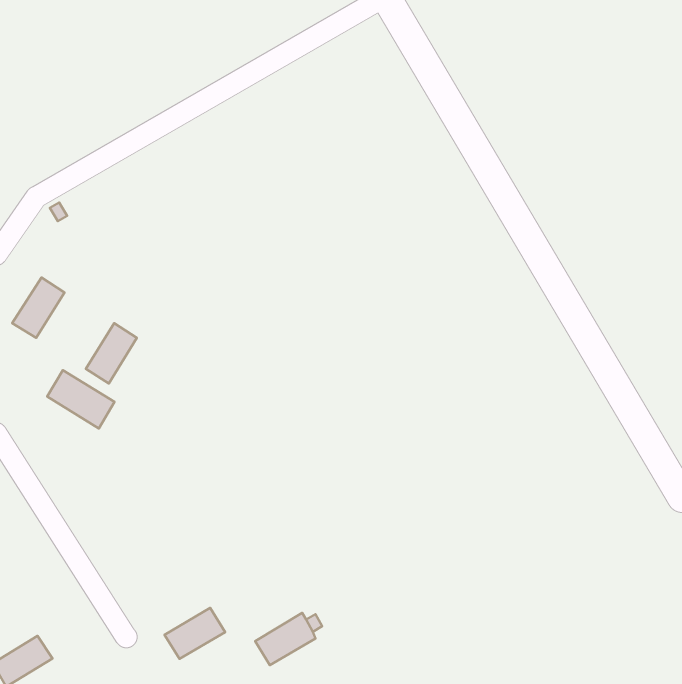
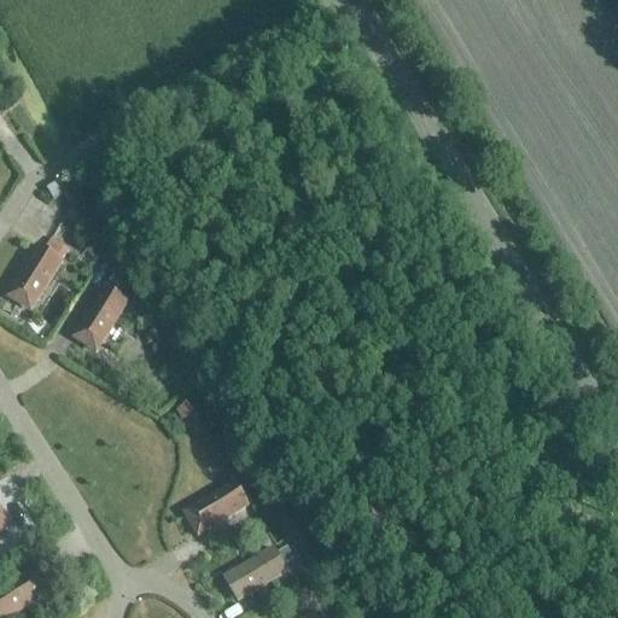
building: [47,370,115,429] -> none
building: [165,608,225,659] -> [191,488,245,534]

